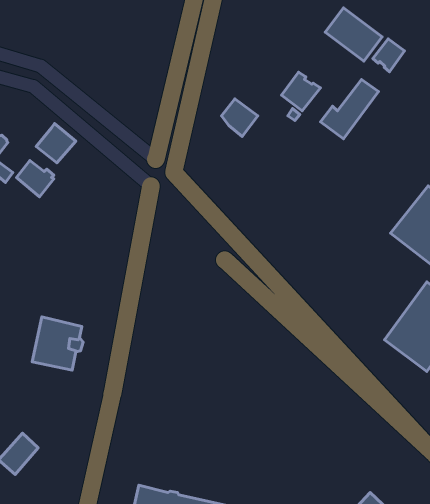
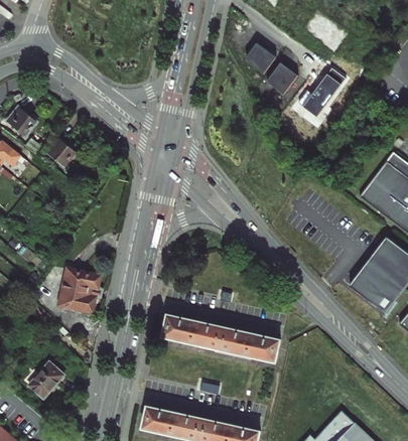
building: [373,39,405,72] -> none
building: [222,99,258,136] -> [247,43,277,75]
building: [36,123,76,163] -> none
building: none -> [164,315,282,362]

